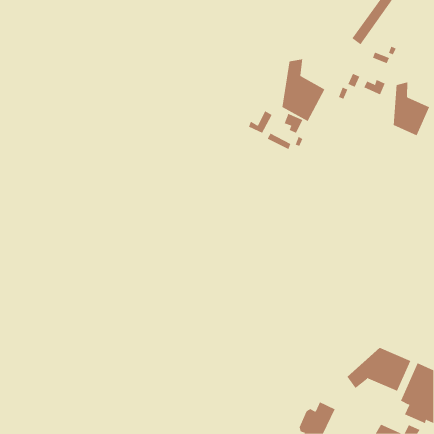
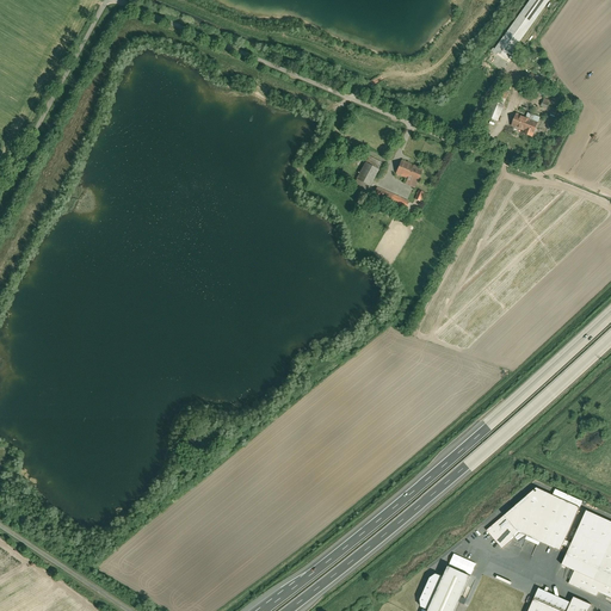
building: [282,59,325,122] -> none
building: [393,82,430,136] -> none

